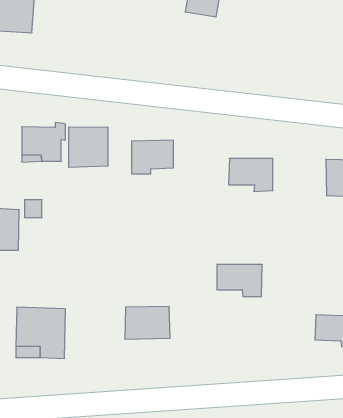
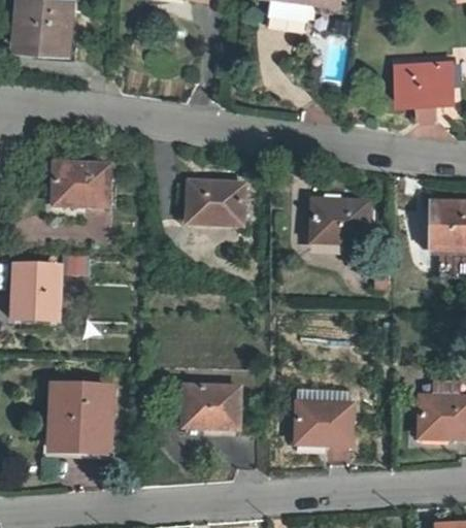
building: none -> [382,60,443,119]
building: [69,127,108,167] -> none
building: [217,265,262,296] -> [295,399,351,438]

